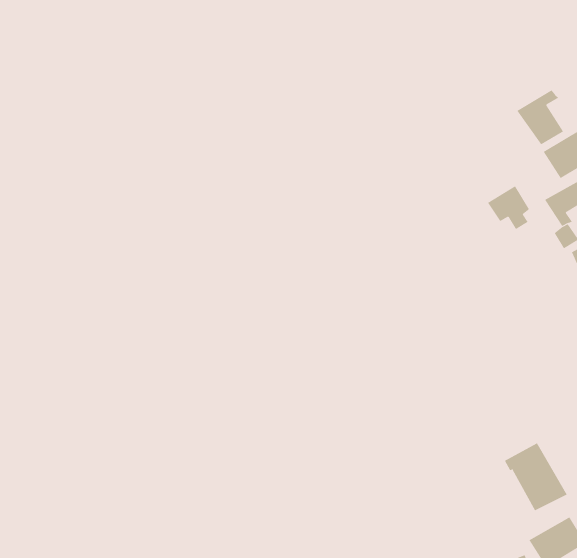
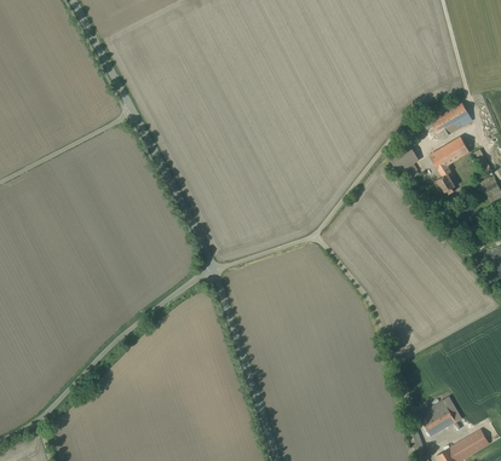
building: [516,90,564,145] -> none
building: [504,443,567,511] -> none

